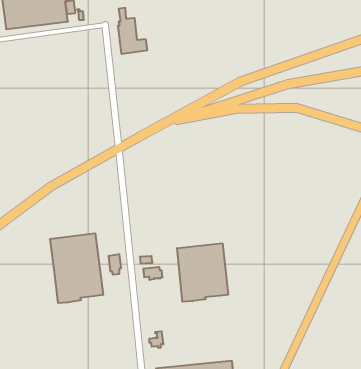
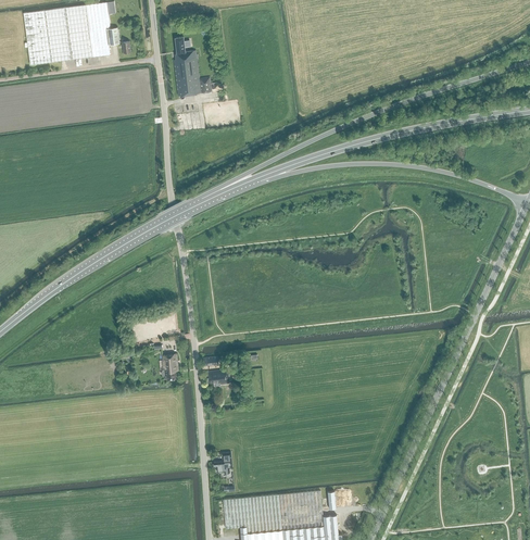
building: [50,233,103,303] -> none
building: [177,243,228,302] -> none

